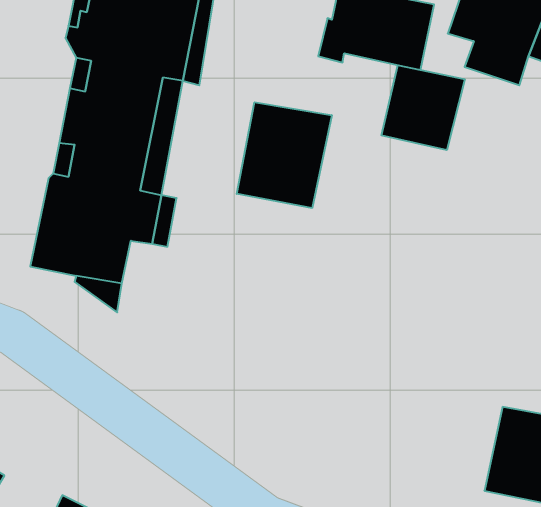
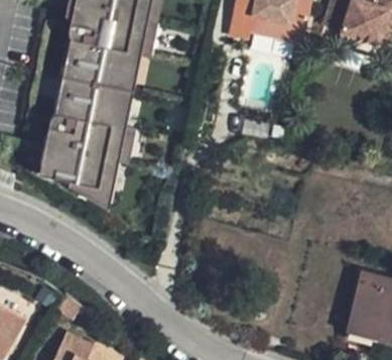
building: [381,65,465,150] -> none
building: [237,102,332,208] -> none

